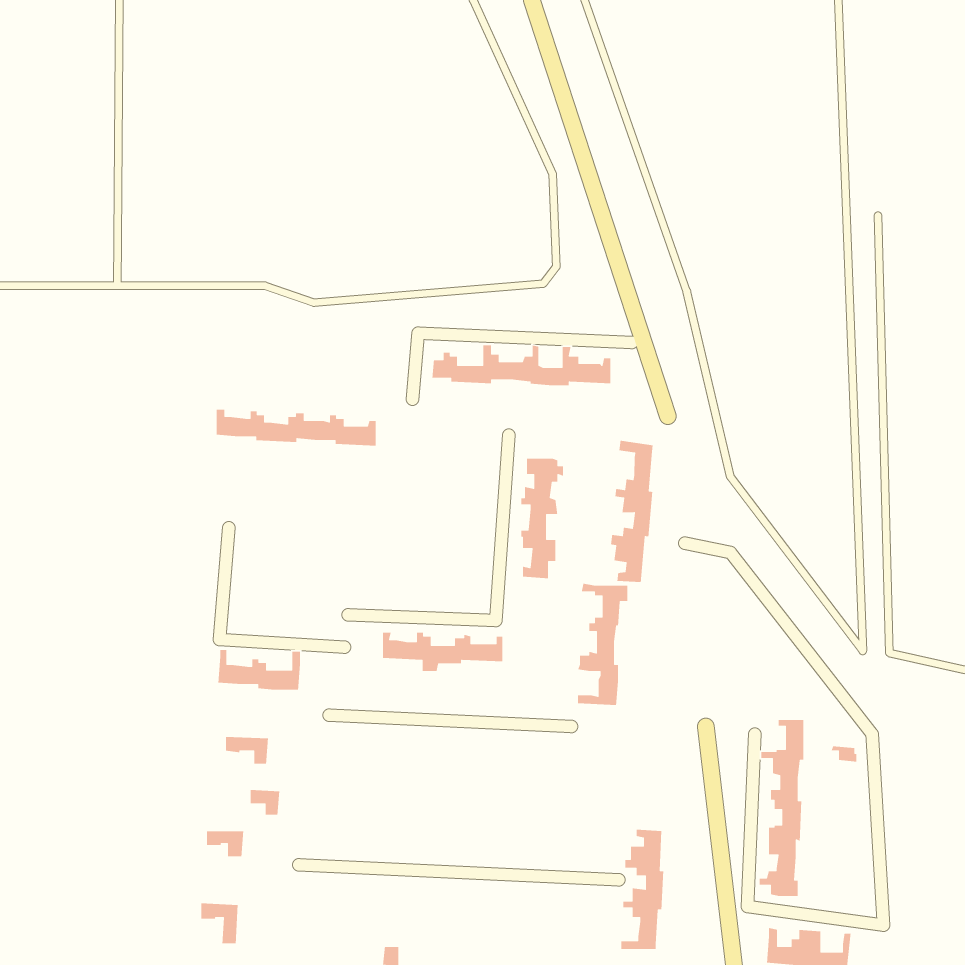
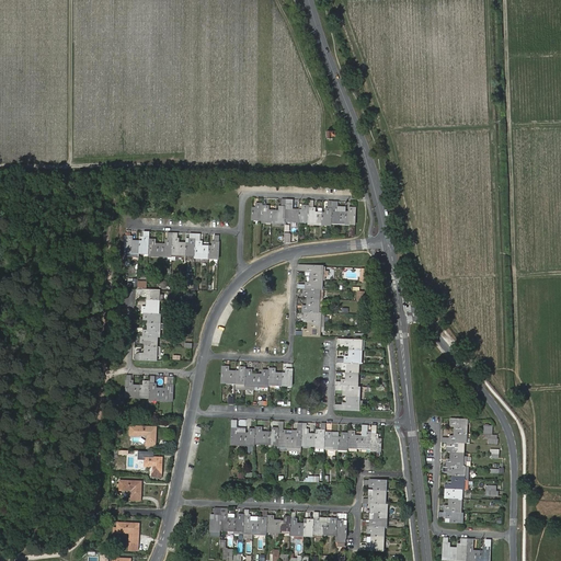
building: [610,440,654,583] -> none
building: none -> [136,291,159,362]
building: none -> [231,423,379,451]
building: none -> [209,510,344,542]

